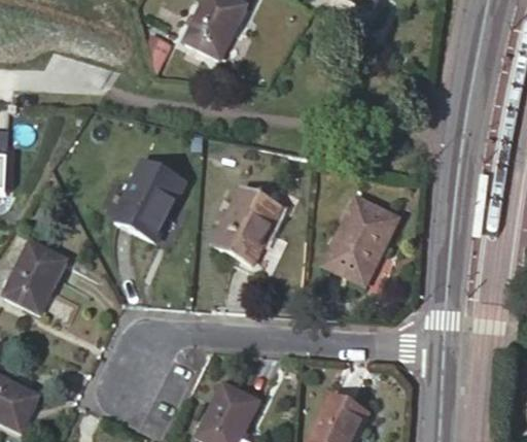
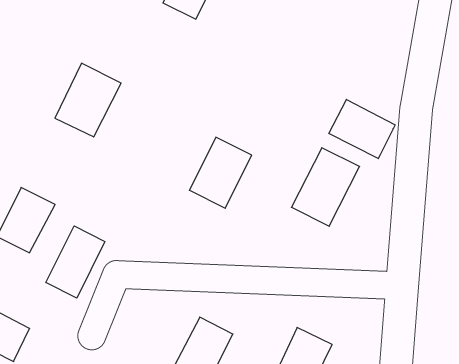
building: none -> [329,99,395,159]
building: [114,160,186,240] -> [55,63,121,137]
building: none -> [46,226,105,298]

